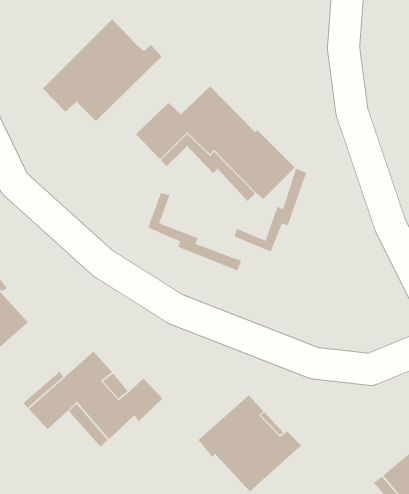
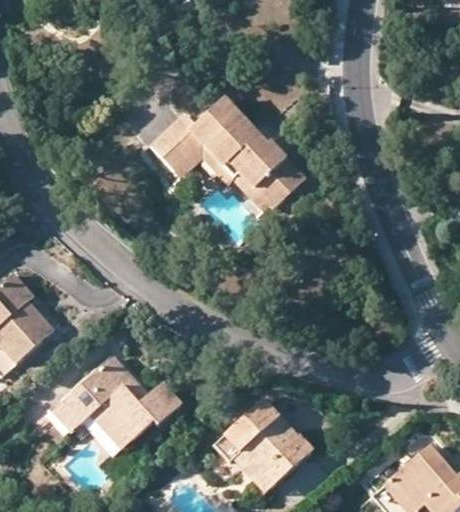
building: [42,19,163,122] -> none
building: [234,168,307,252] -> none
building: [147,192,242,272] -> none

